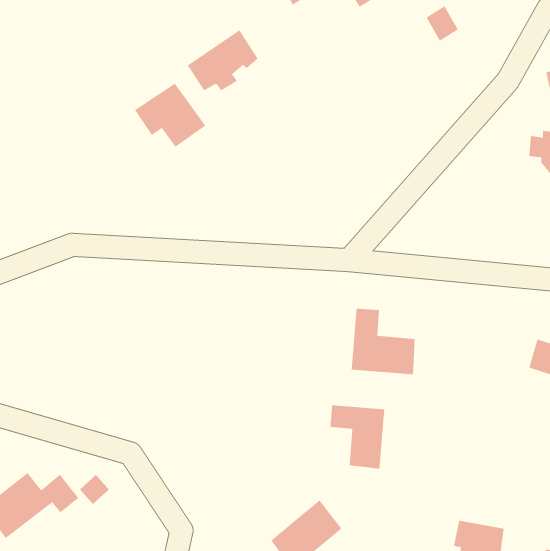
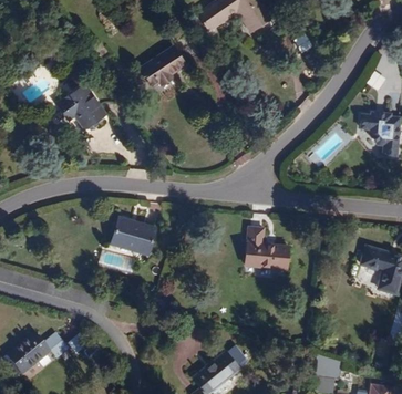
building: [134,83,206,148] -> [58,85,104,127]
building: none -> [111,217,155,255]
building: [330,405,385,470] -> none

